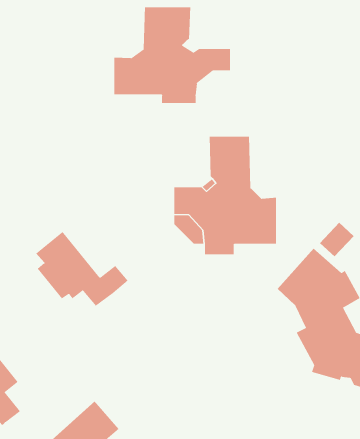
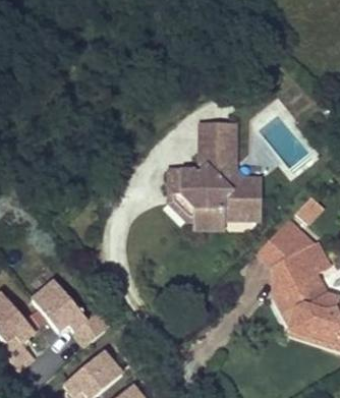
building: [114,7,230,104] -> none
building: [36,231,128,306] -> [31,282,111,347]

